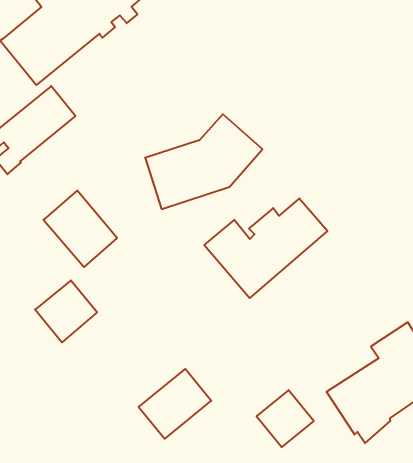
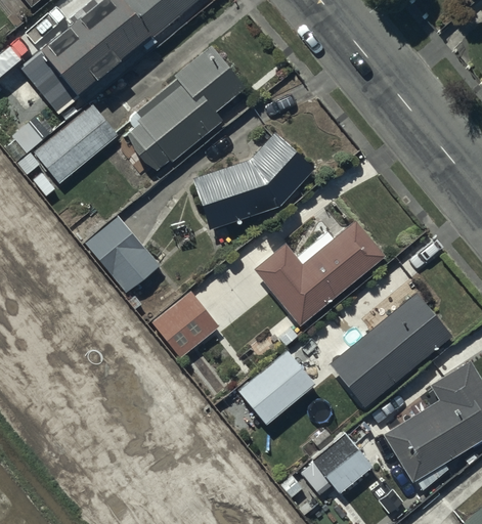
building: none -> [124,49,245,175]
building: none -> [328,286,450,399]
building: [35,280,97,342] -> [152,294,218,359]
building: [139,369,211,439] -> [235,345,312,419]

